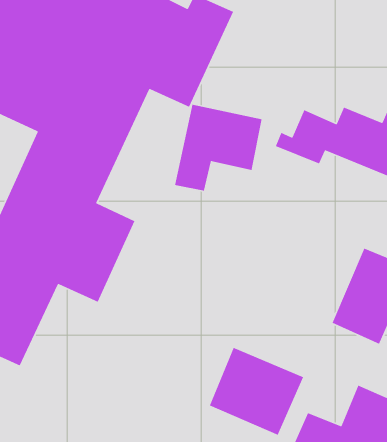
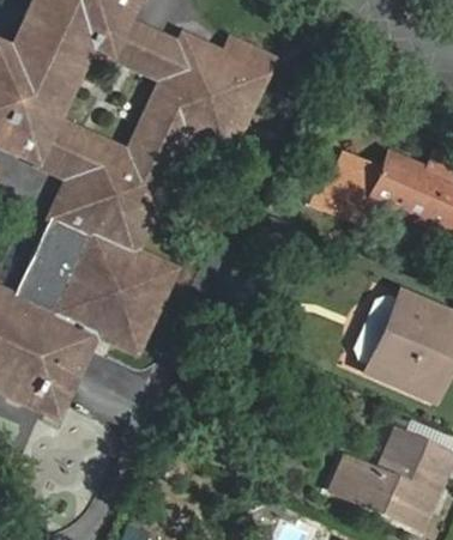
building: [174,104,262,191] -> none
building: [209,347,304,436] -> none

